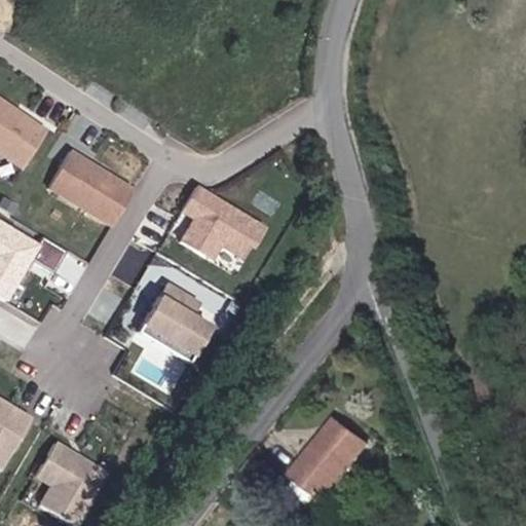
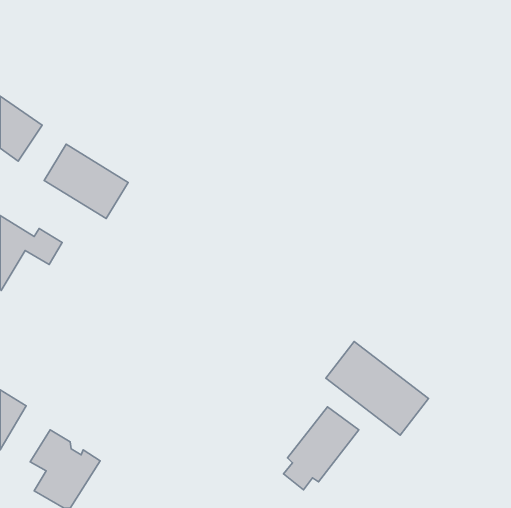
building: [179,184,263,258] -> none
building: [136,281,208,361] -> none
building: none -> [326,341,428,435]

